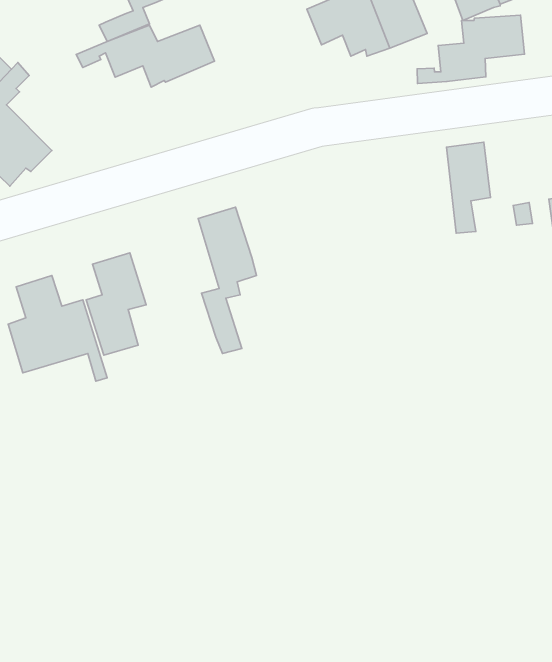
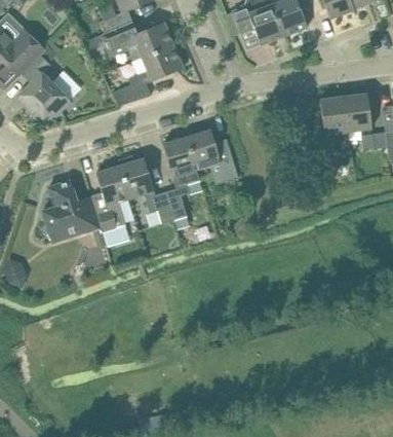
building: [417,15,524,84] -> none
building: none -> [113,44,184,106]
building: none -> [344,93,372,131]
building: none -> [187,129,238,184]
building: none -> [119,156,174,223]

